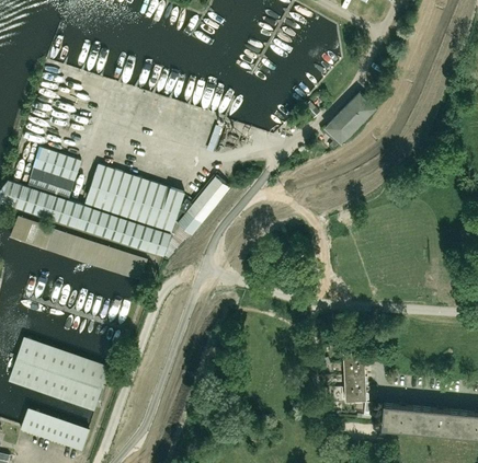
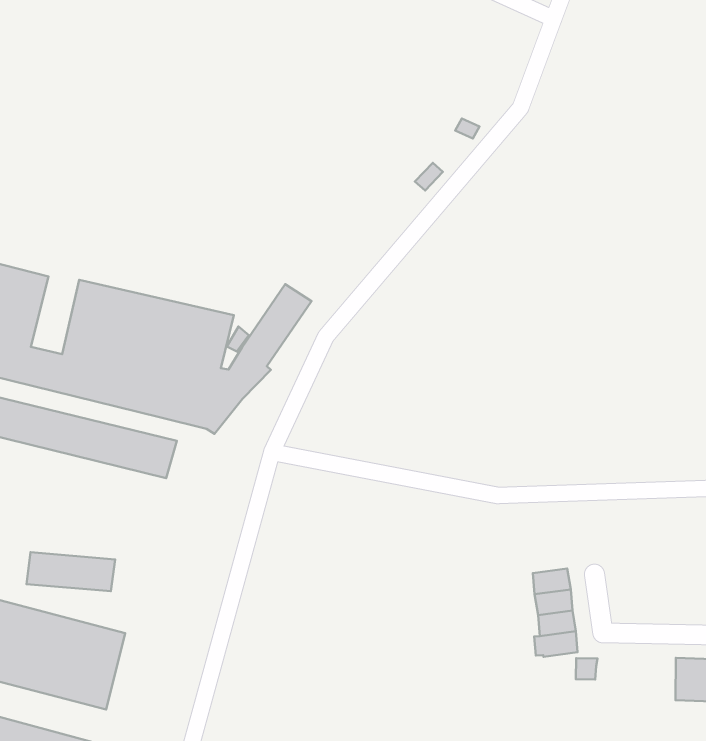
building: [322,93,376,151] -> none
building: none -> [26,552,115,591]
building: [382,404,422,431] -> none

